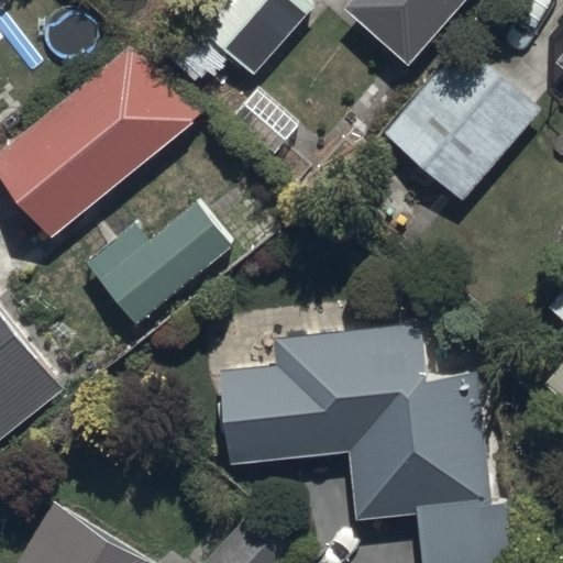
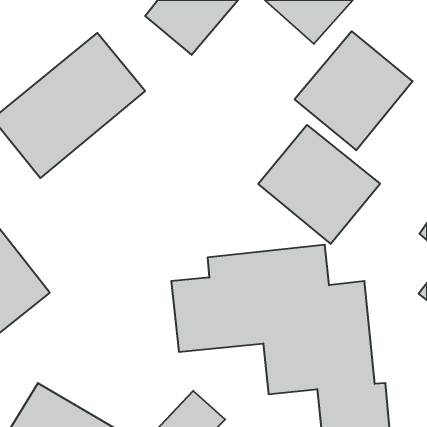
building: none -> [258,125,380,244]
building: [85,200,231,325] -> none

